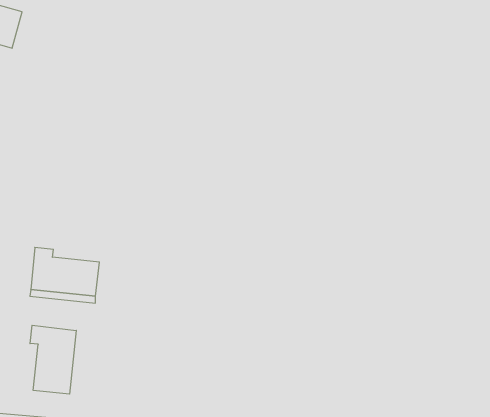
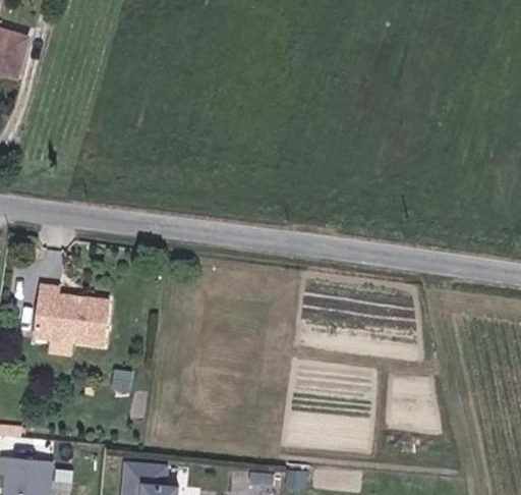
building: [30,325,76,394] -> none

